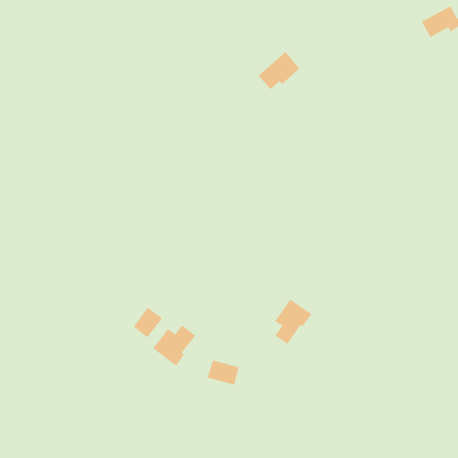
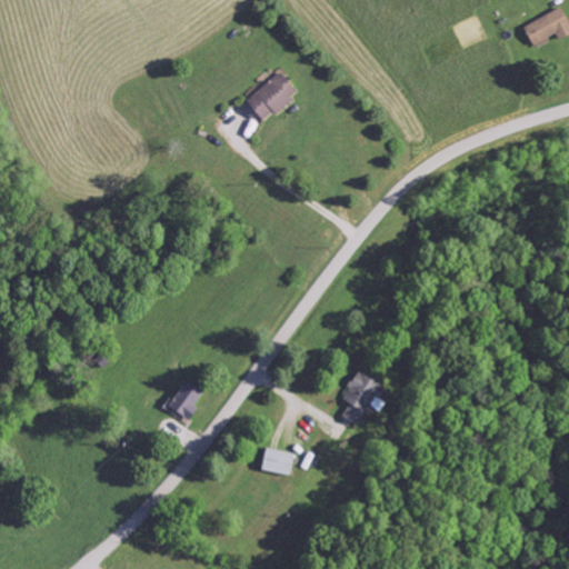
building: [258,51,300,90] -> [244,71,297,119]
building: [152,325,196,367] -> none

